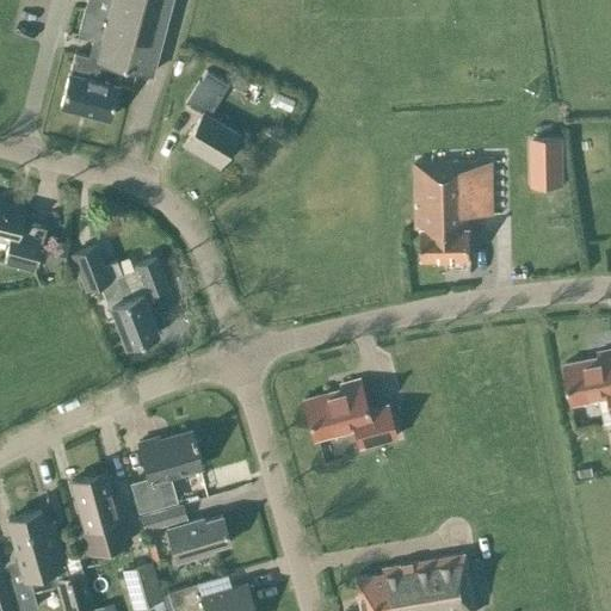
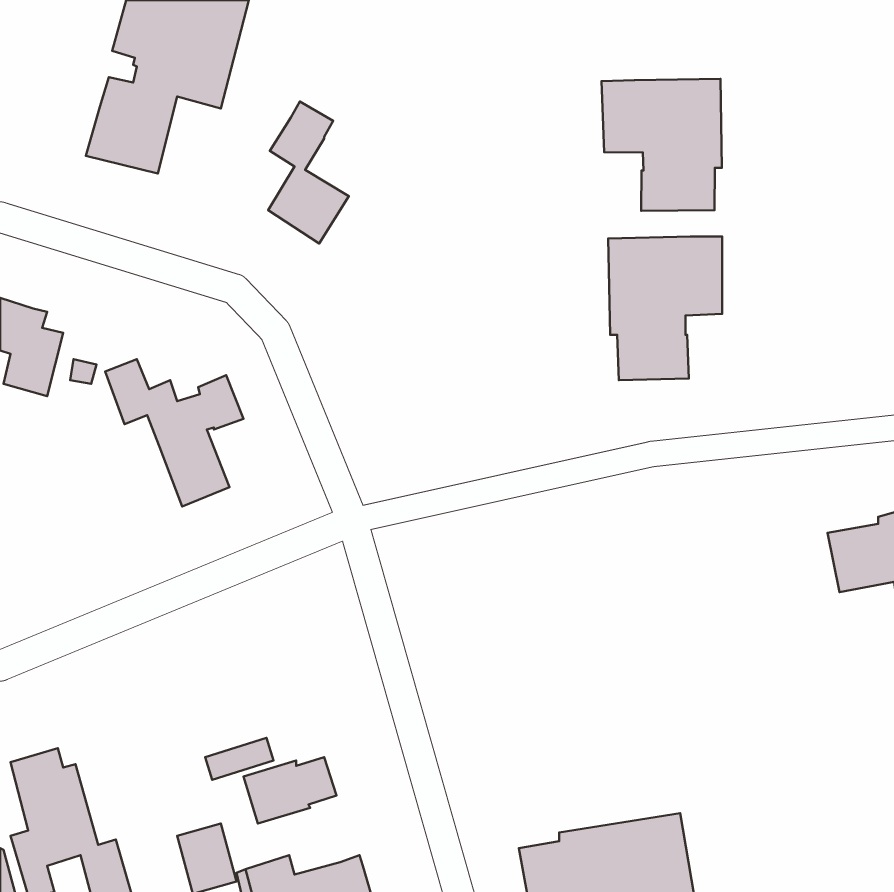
building: none -> [602,79,722,211]
building: [531,138,564,187] -> none
building: [303,382,396,449] -> none
building: [130,432,202,516] -> none
building: [70,474,130,558] -> none

